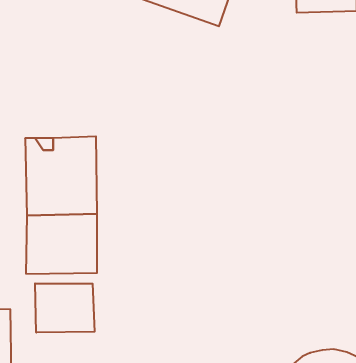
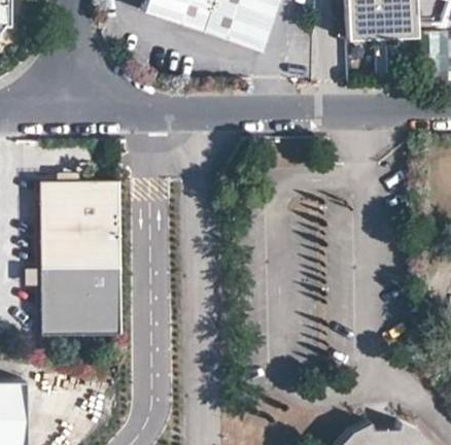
building: [35,283,95,333] -> none

